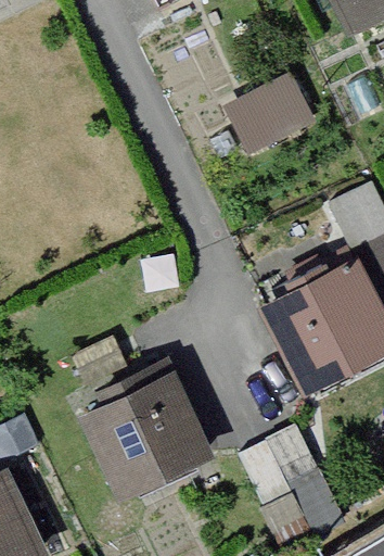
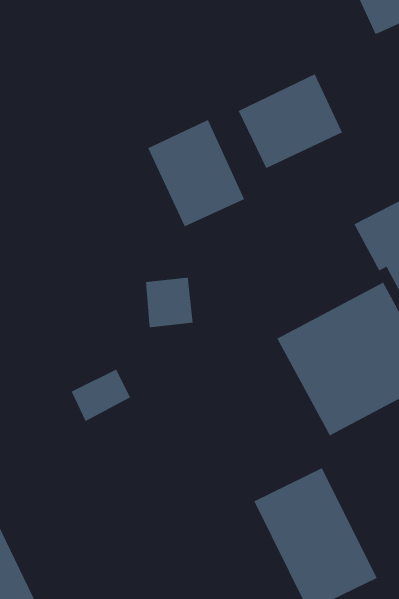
building: none -> [147,119,245,227]
building: [73,365,213,507] -> none

